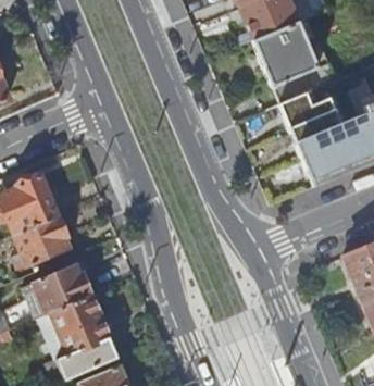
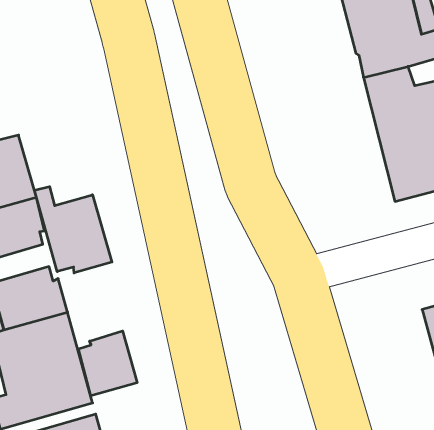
building: none -> [35,187,112,273]
building: none -> [79,331,137,396]

